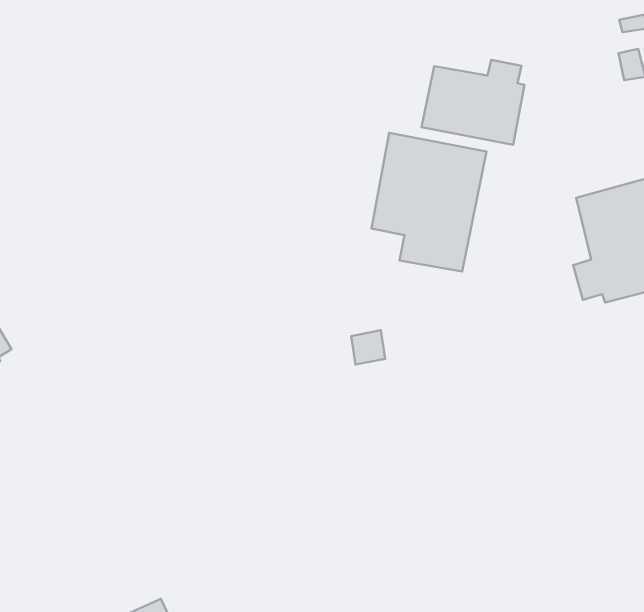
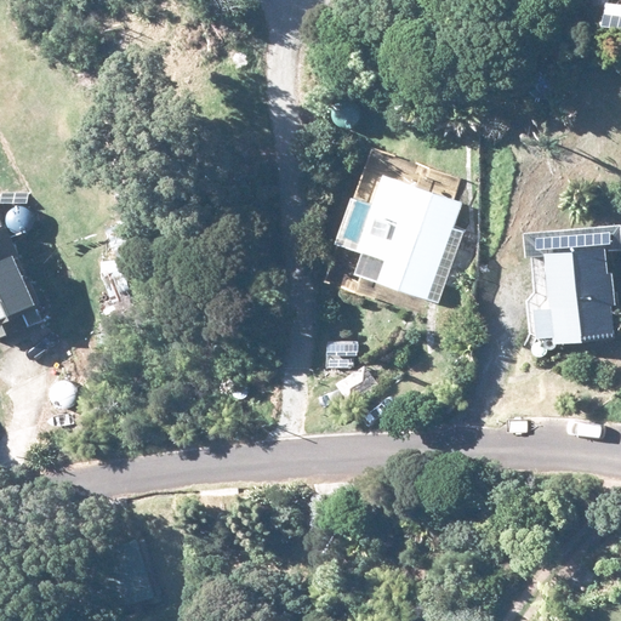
building: [422,60,525,145] -> none

